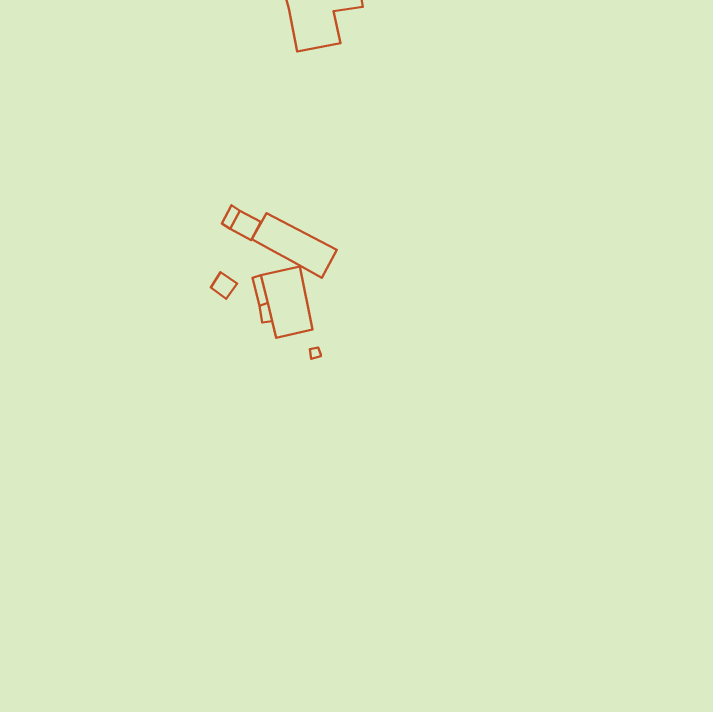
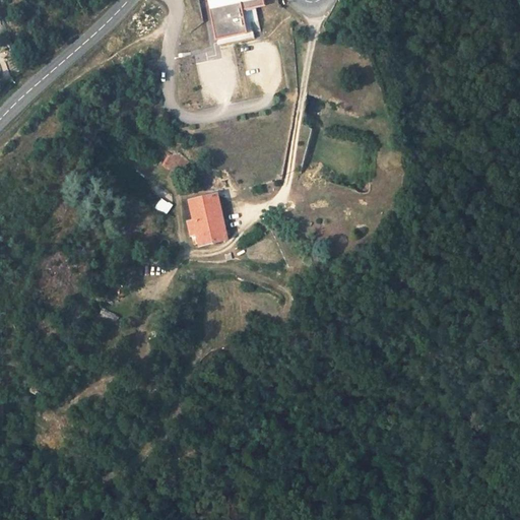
building: [252,213,337,278] -> none

